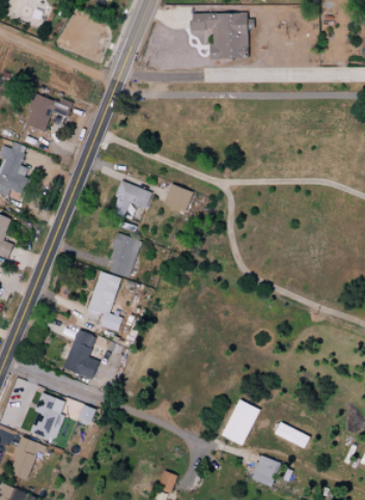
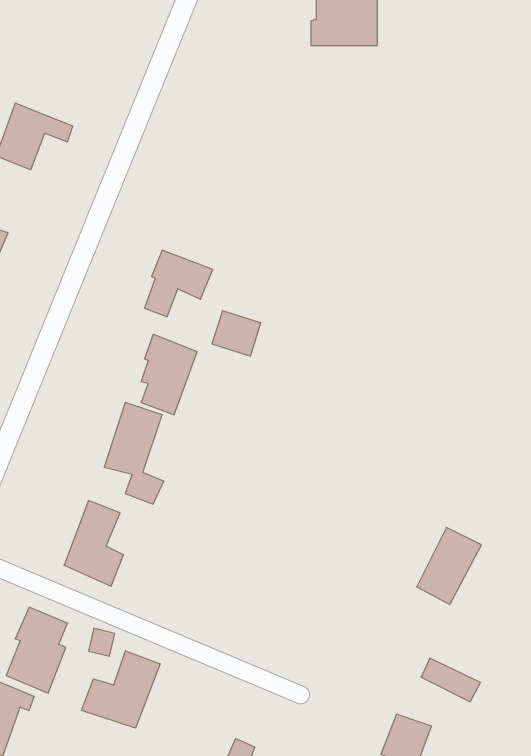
building: [163,184,192,211] -> [212,311,261,356]
building: [221,399,259,445] -> [417,527,481,604]
building: none -> [82,651,160,728]

